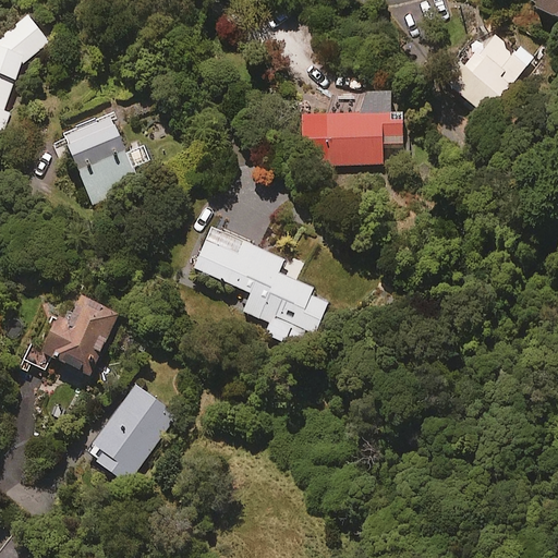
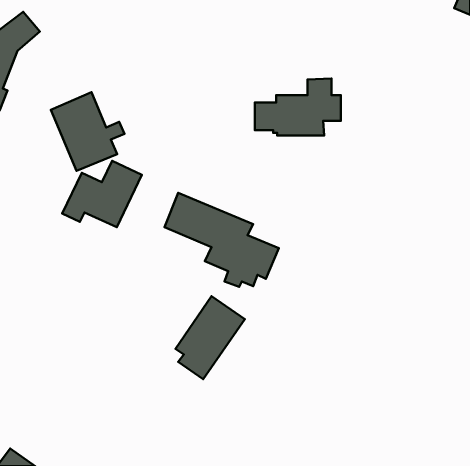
building: [449,34,530,113] -> none
building: [24,298,118,376] -> [62,161,142,227]
building: [93,385,174,483] -> [175,296,245,379]

